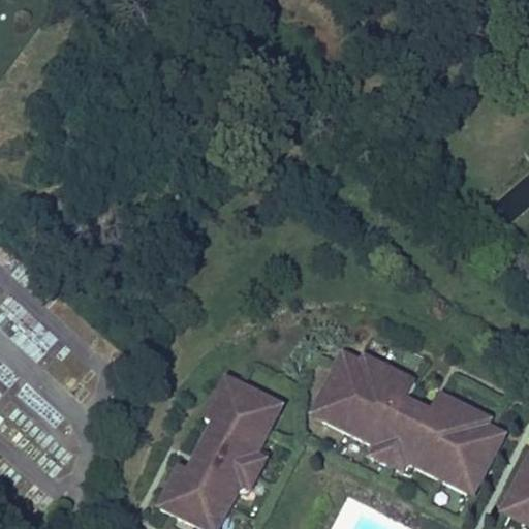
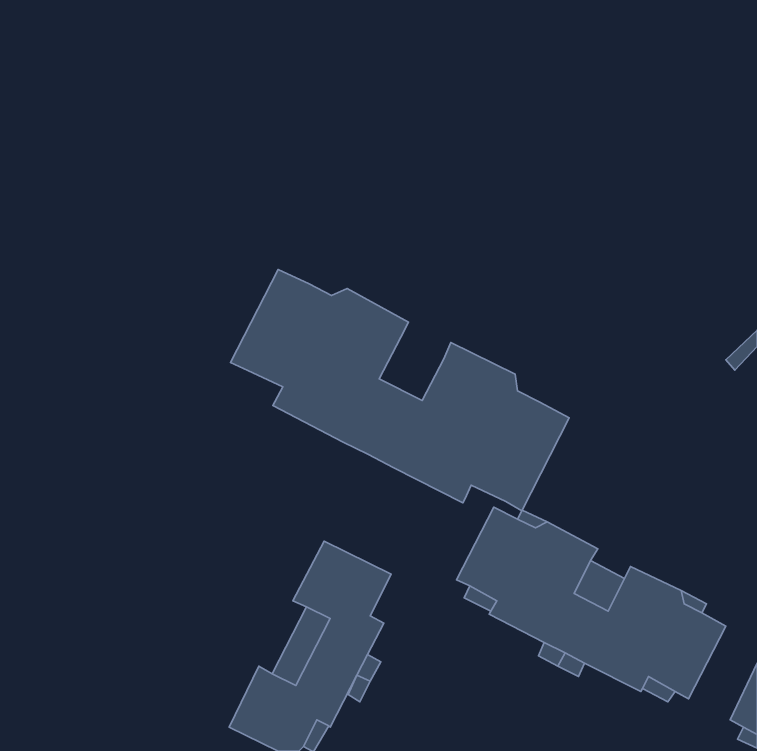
building: none -> [231,269,569,511]

